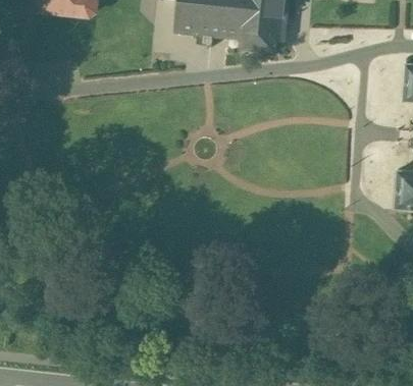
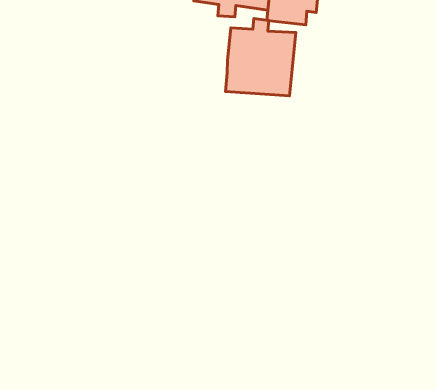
building: none -> [226,19,296,96]

